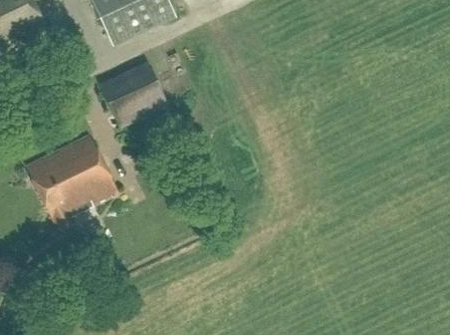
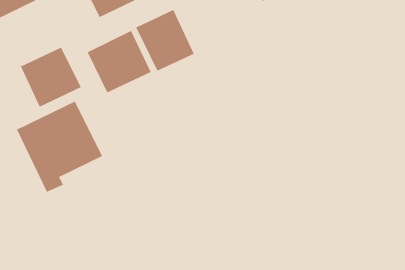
building: none -> [136,9,194,72]
building: none -> [20,47,81,108]

